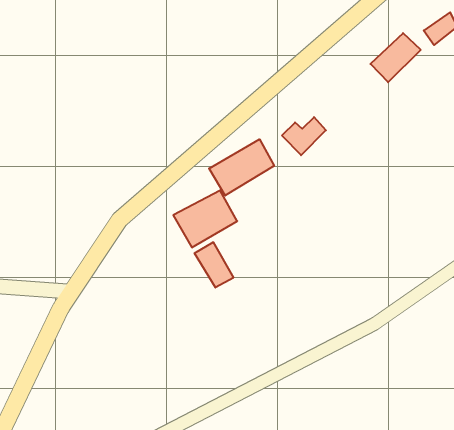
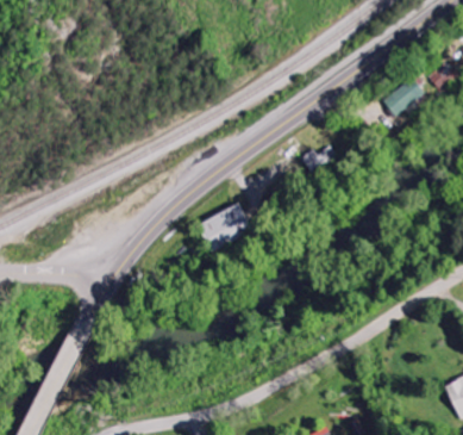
building: [209,139,274,196] -> none
building: [195,242,233,288] -> none

